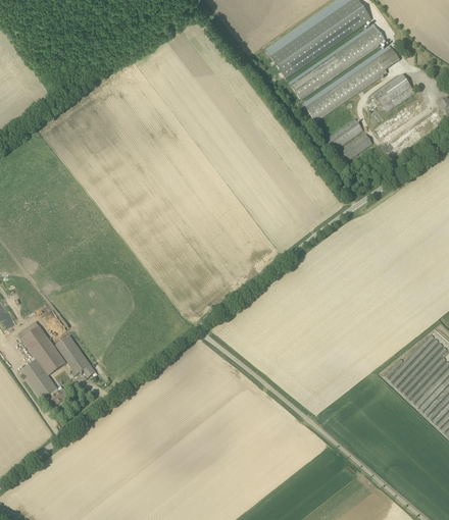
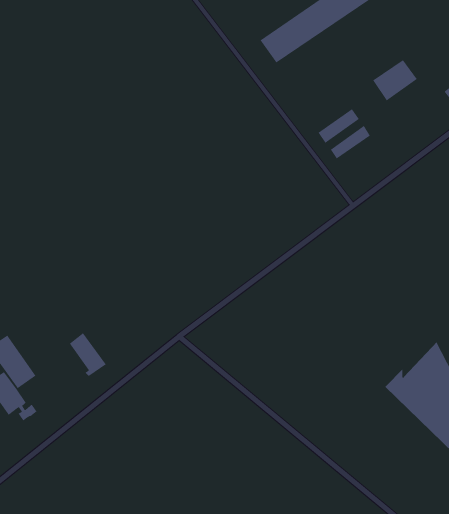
building: [290,24,385,99] -> none
building: [304,46,399,120] -> none
building: [55,333,90,374] -> [69,332,107,377]

